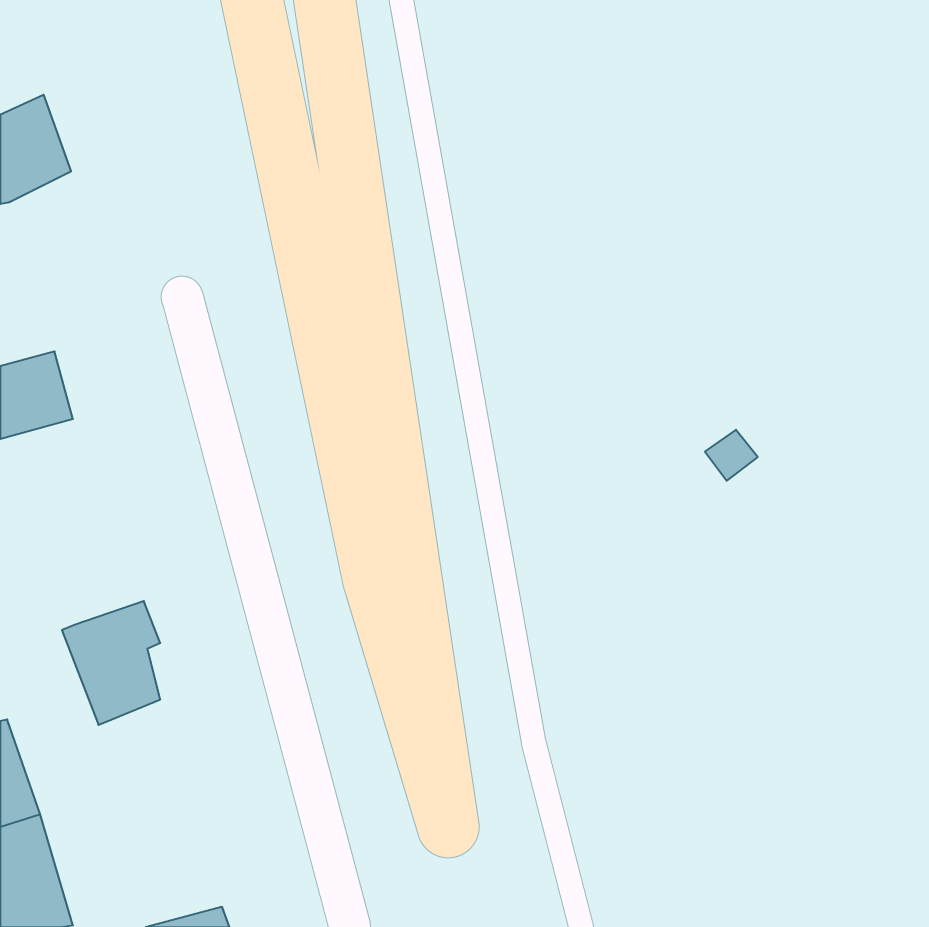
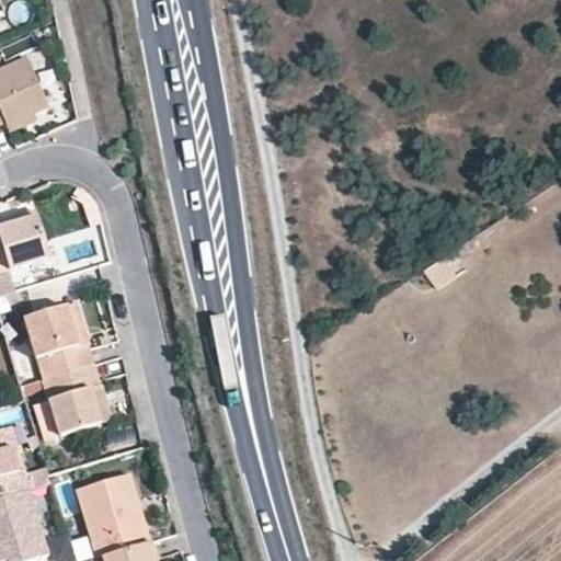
building: none -> [23,301,88,376]
building: none -> [77,473,142,538]

